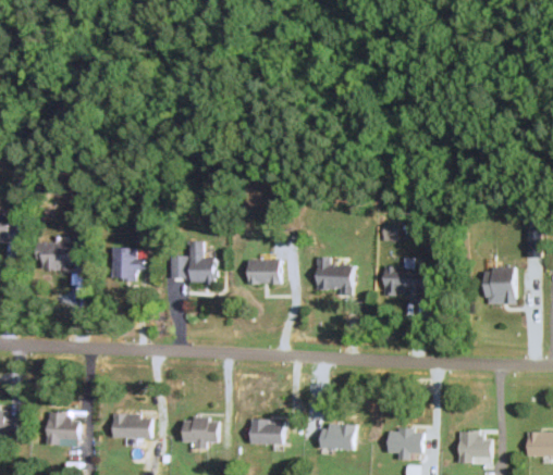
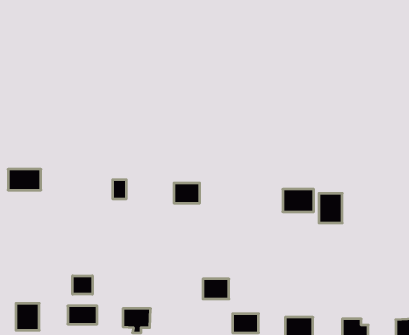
building: [189,241,213,282] -> none
building: [111,248,142,280] -> none
building: [316,258,352,295] -> none
building: [483,267,513,304] -> [319,193,342,223]
building: none -> [73,276,92,294]
building: [249,418,282,443] -> [203,279,229,299]

